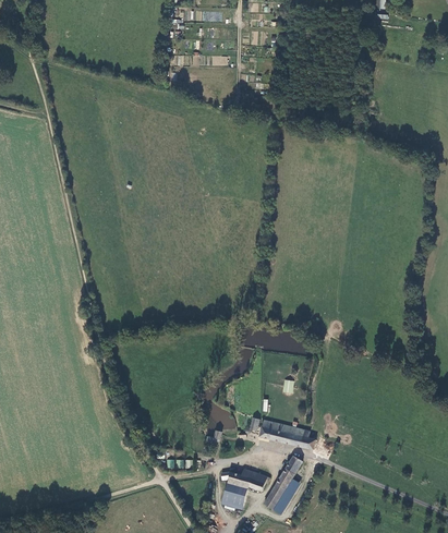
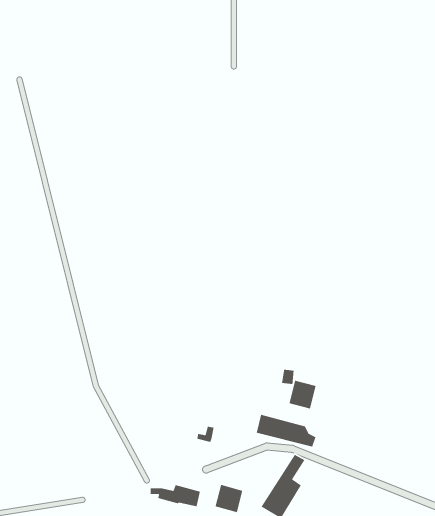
building: none -> [287,380,317,410]
building: [220,469,266,489] -> [150,484,201,507]

